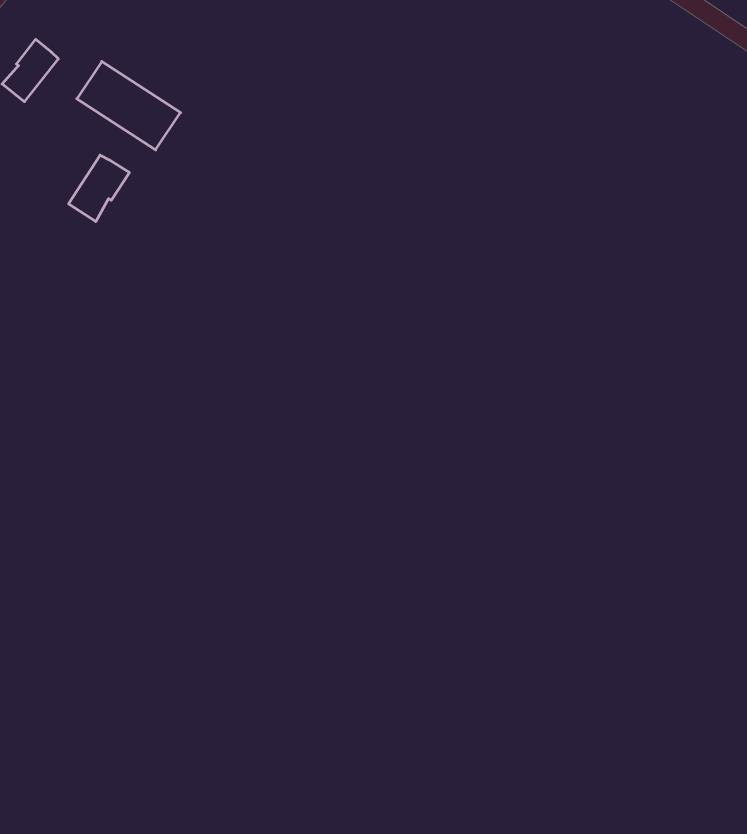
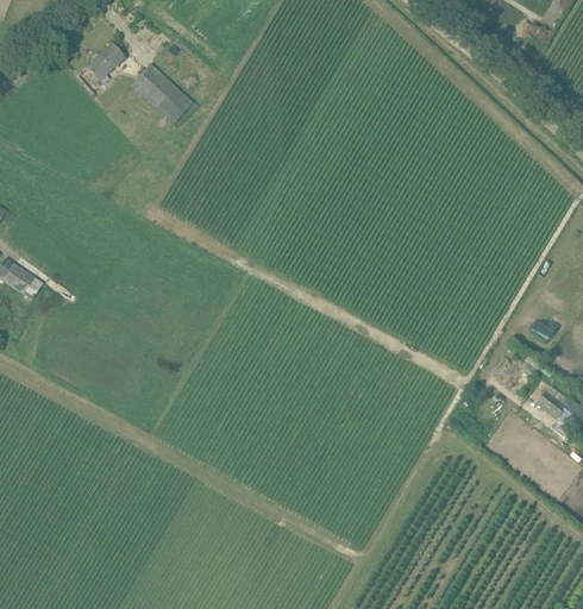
building: [69,155,129,222] -> none

